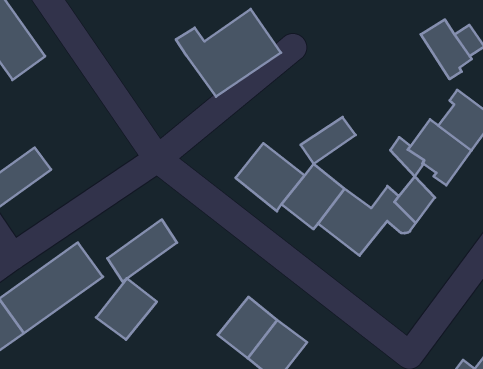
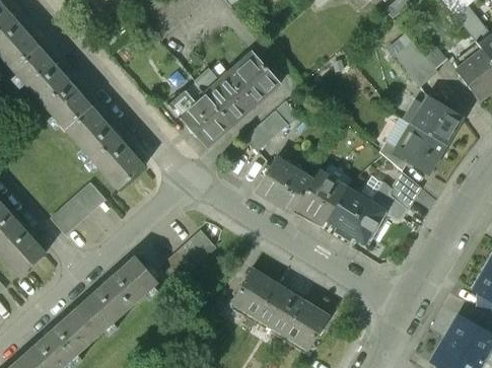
building: none -> [168,89,234,146]
building: none -> [68,106,145,188]
building: [301,117,356,164] -> [245,109,289,150]
building: [96,278,157,340] -> [231,267,279,316]

